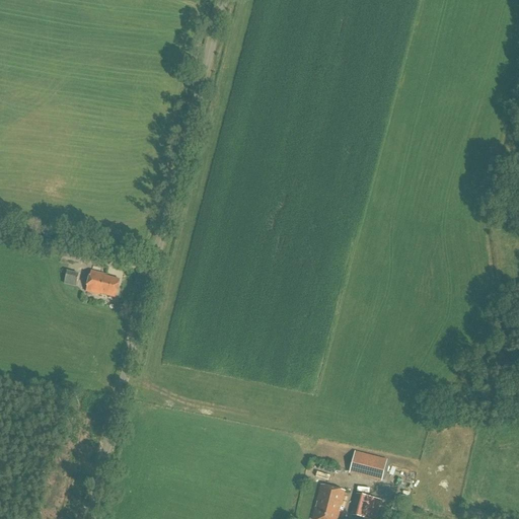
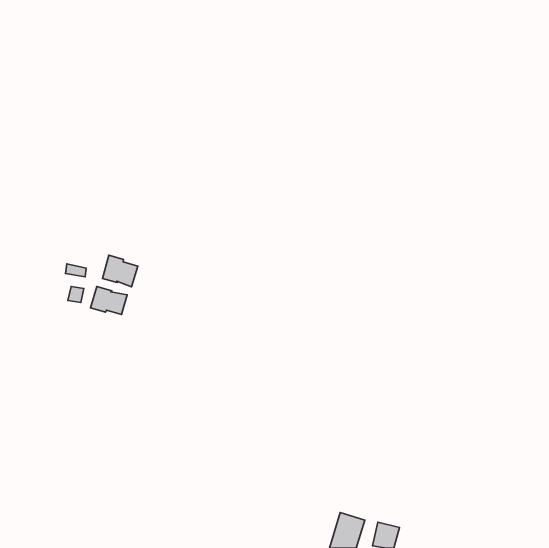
building: none -> [103,255,138,287]
building: [351,451,387,477] -> none

